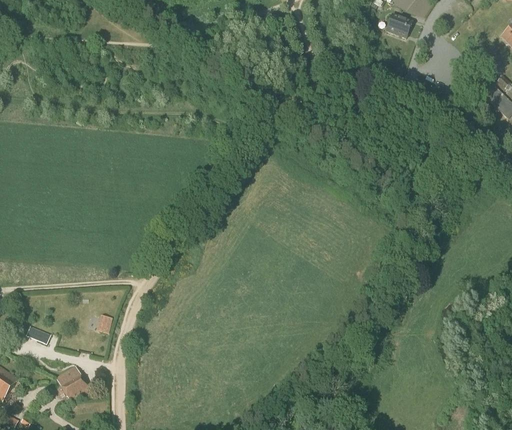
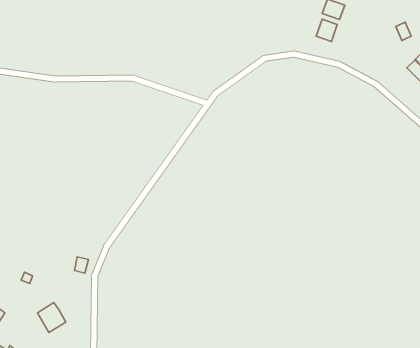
building: none -> [316,19,337,41]

